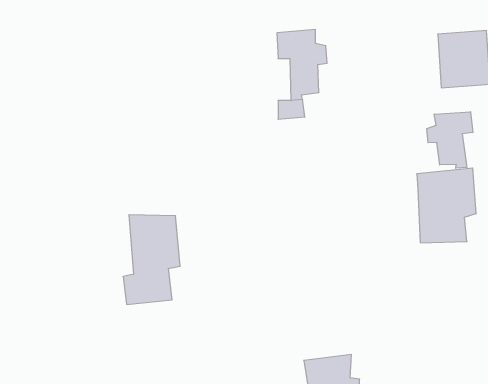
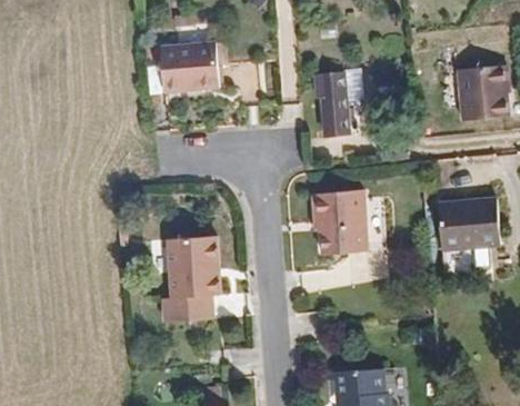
building: none -> [160,44,216,88]
building: [427,112,473,168] -> none
building: none -> [309,191,380,254]

